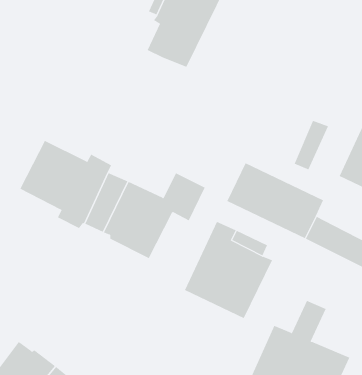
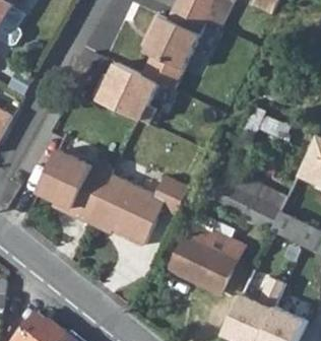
building: none -> [90,61,152,124]

